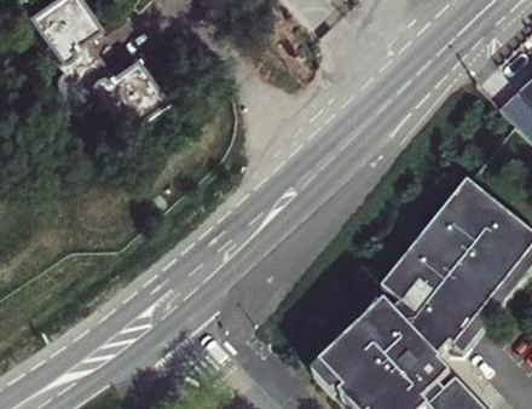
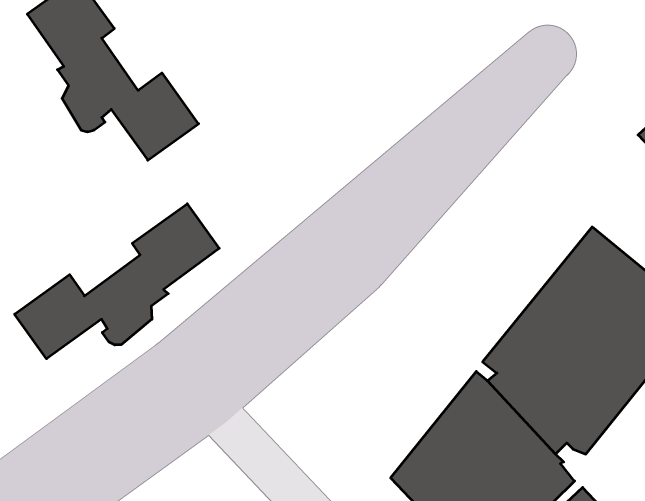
building: none -> [15,204,219,359]

